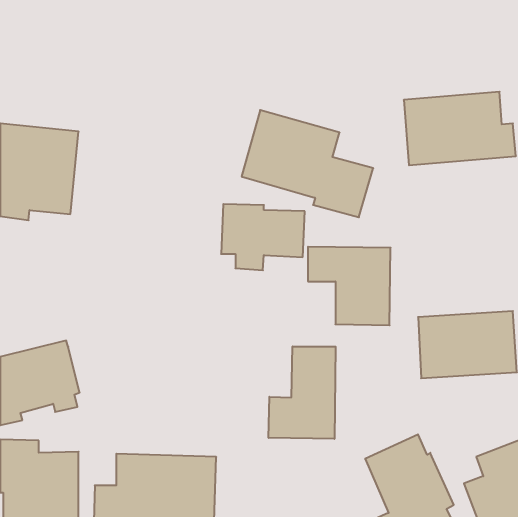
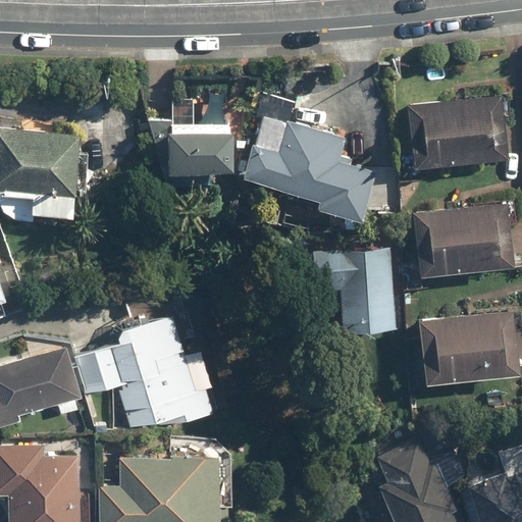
building: none -> [413,204,512,279]
building: [221,204,305,270] -> [151,120,234,187]
building: none -> [76,311,213,430]
building: [269,346,336,439] -> none

